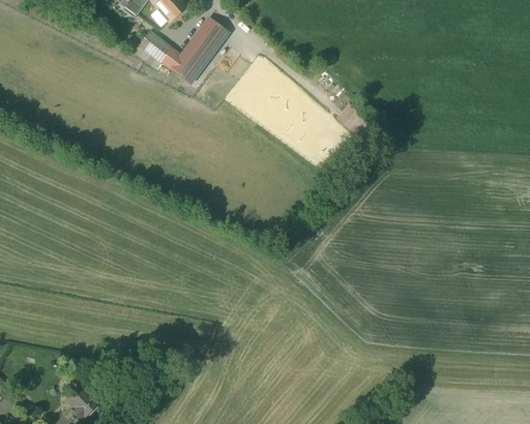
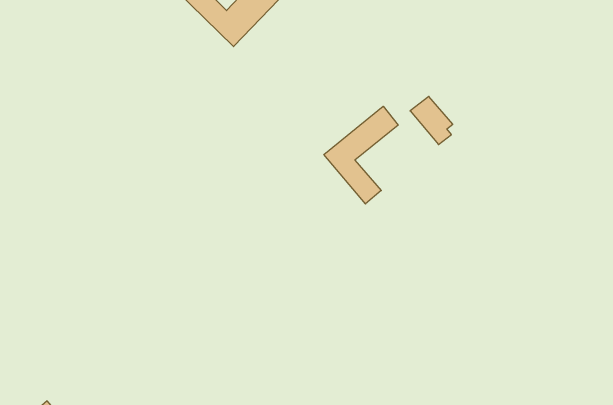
building: none -> [324,106,398,204]

